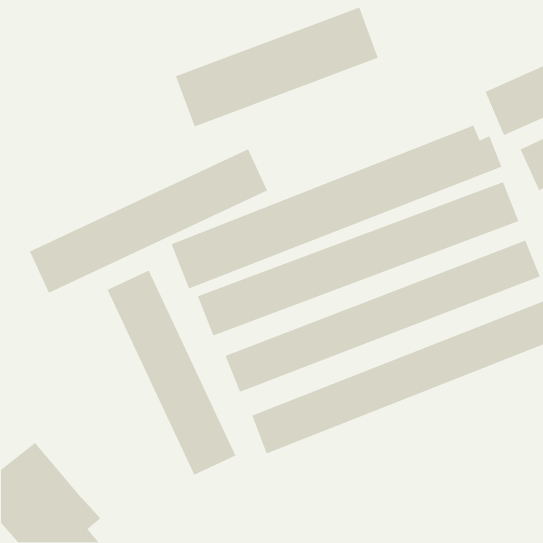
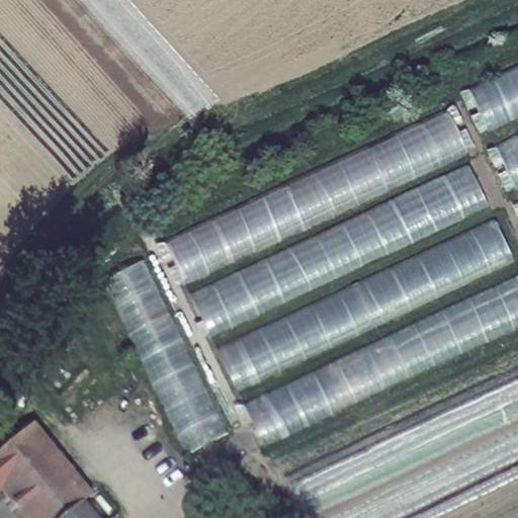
building: [175,6,379,128] -> none
building: [29,148,268,294] -> none

